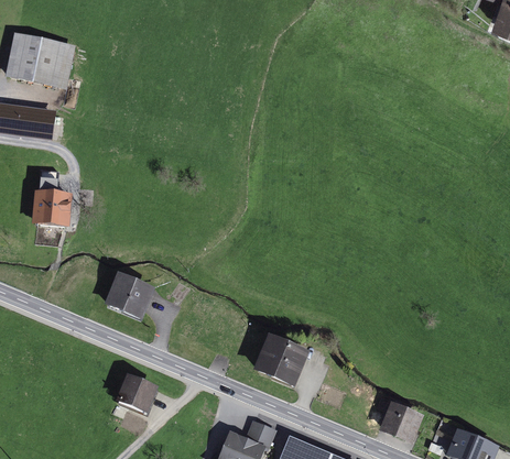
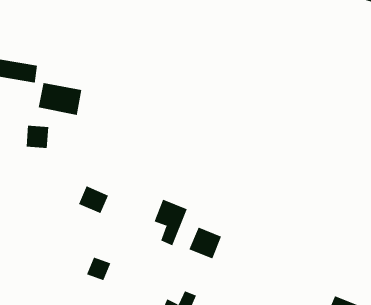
building: [9,39,69,84] -> [38,82,82,115]
building: none -> [154,199,188,246]
building: [383,400,419,434] -> none

